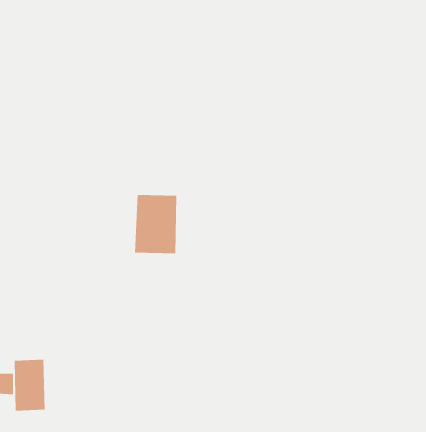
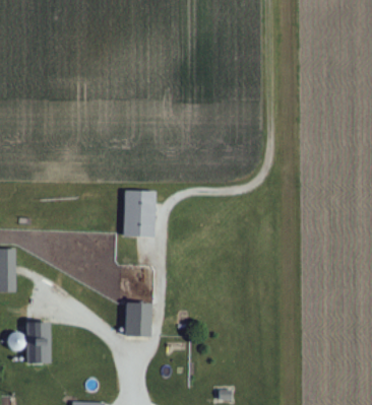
building: none -> [125,301,152,336]

